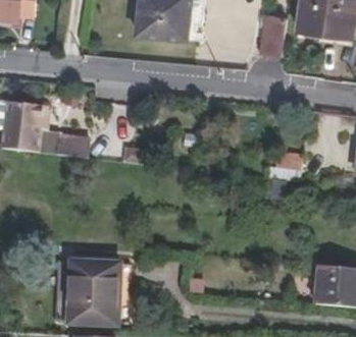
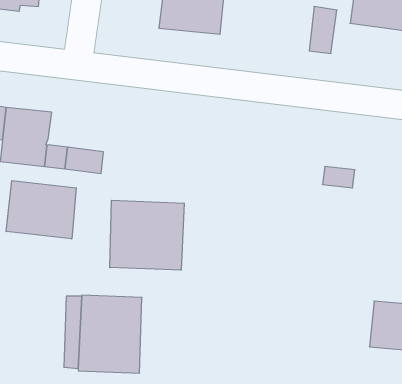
building: none -> [6,181,76,239]
building: none -> [110,200,184,270]

